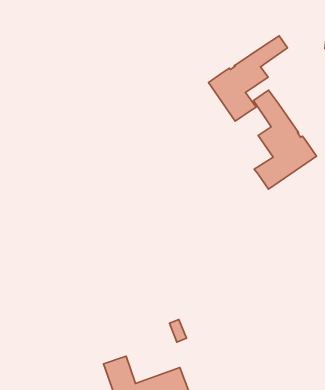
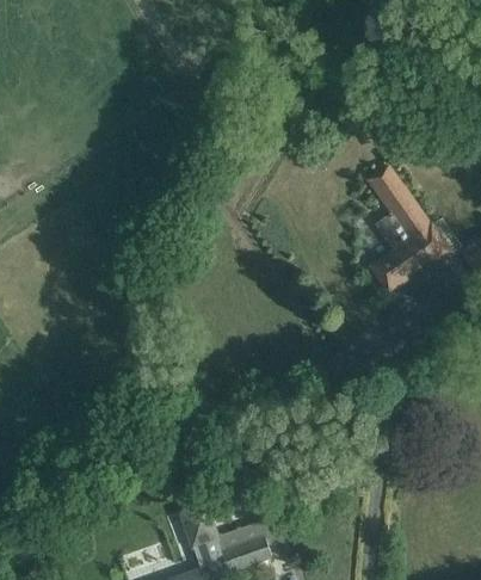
building: [208,36,288,121] -> none

